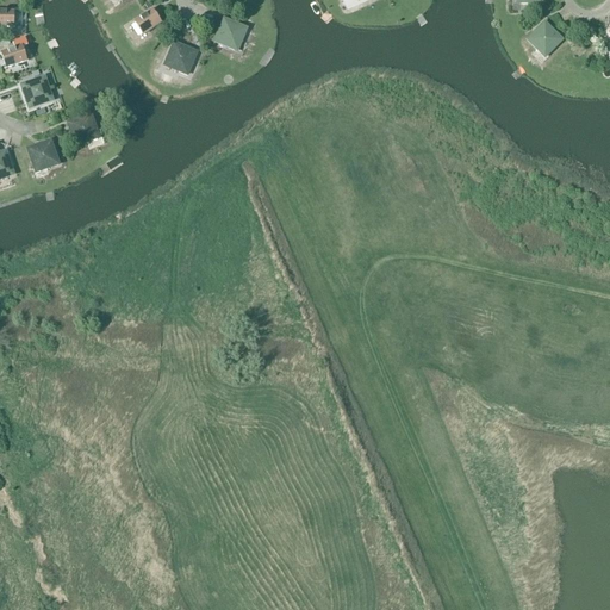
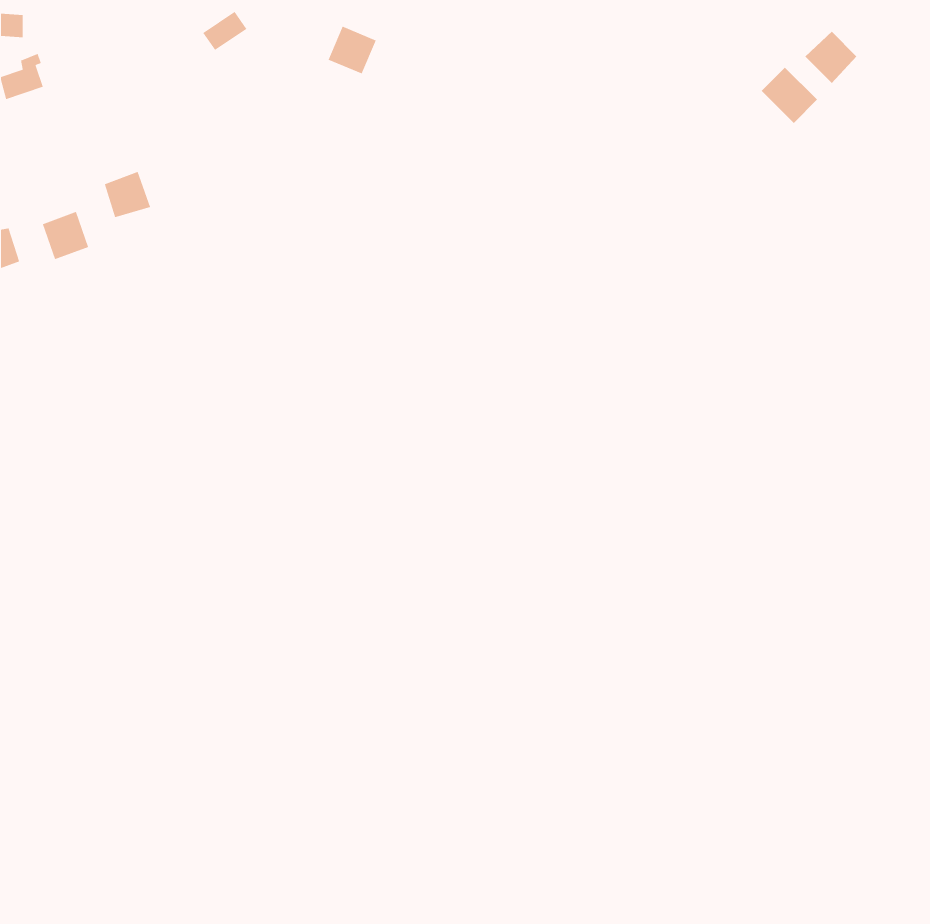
building: [164,41,197,73] -> none
building: none -> [761,67,818,124]
building: [21,75,52,106] -> none

